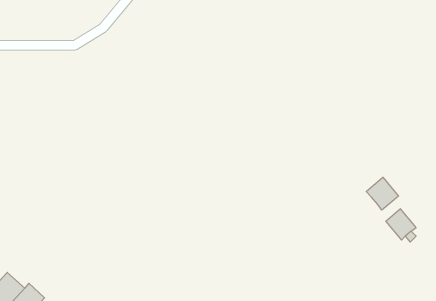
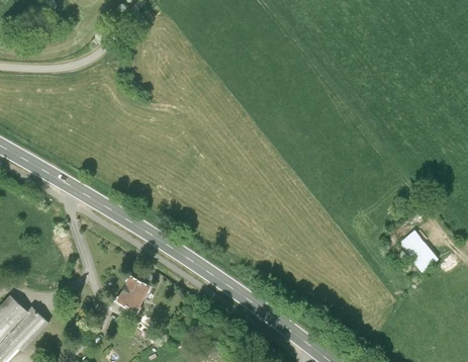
building: [366,177,399,210] -> none
building: none -> [117,278,149,310]

